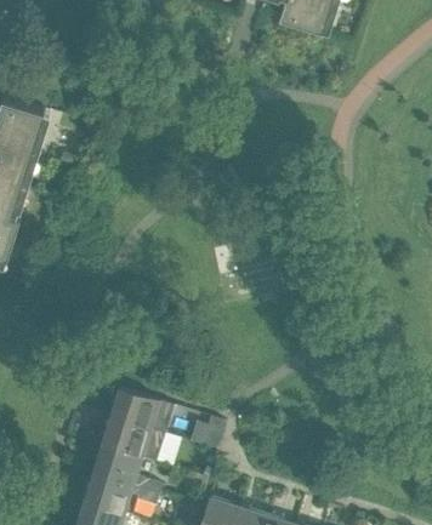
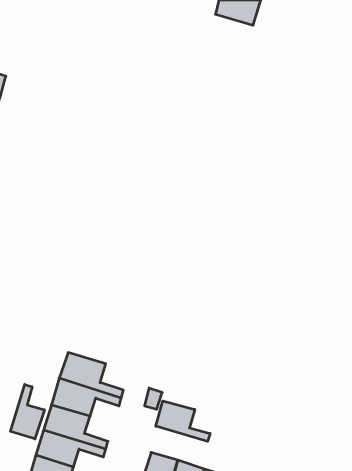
building: none -> [10,384,44,439]
building: none -> [156,401,210,441]

